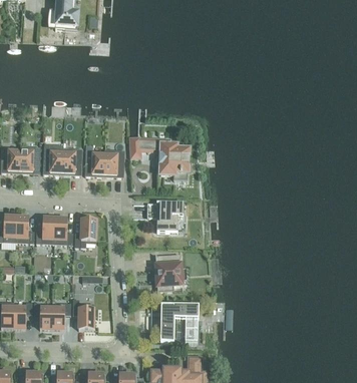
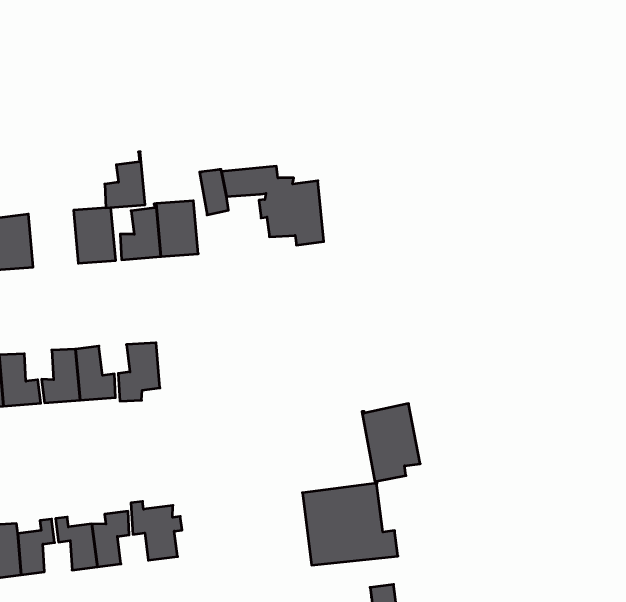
building: [42,146,63,173] -> [105,152,145,208]
building: [146,201,184,231] -> none
building: [155,253,182,291] -> [362,404,420,483]

